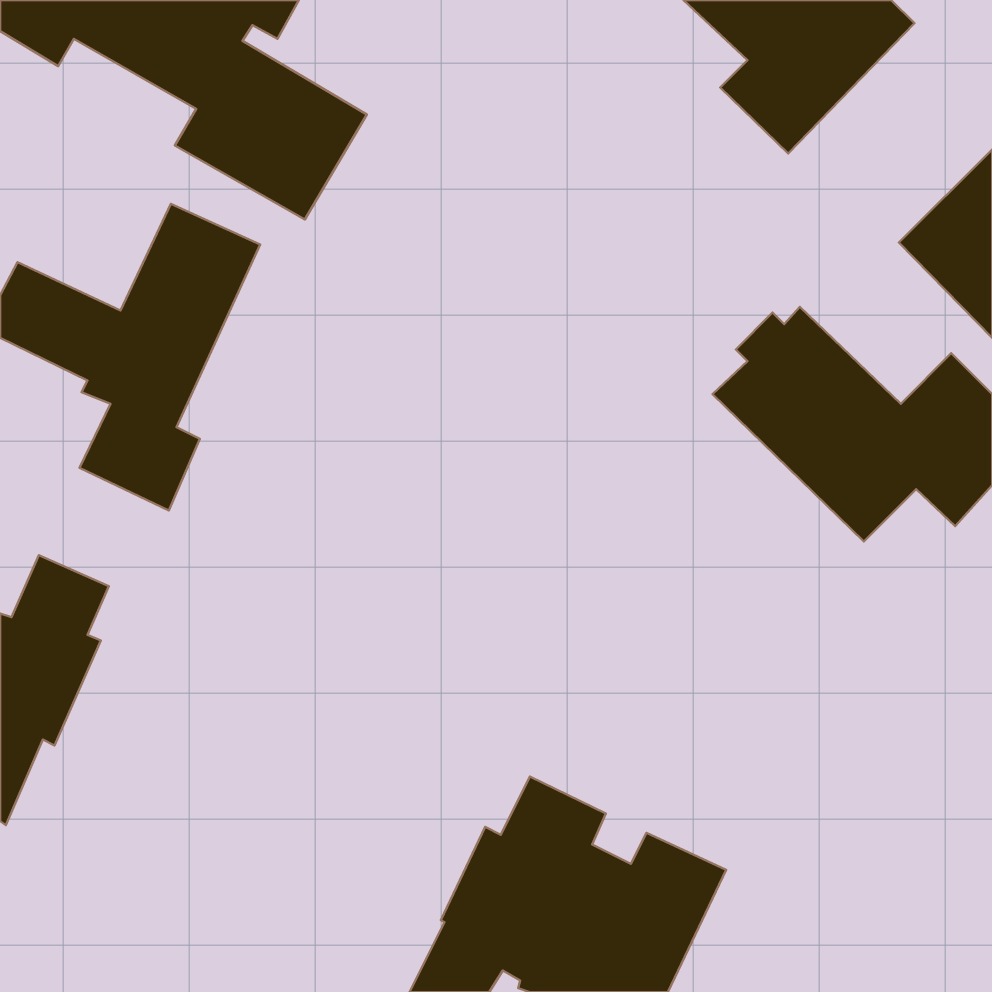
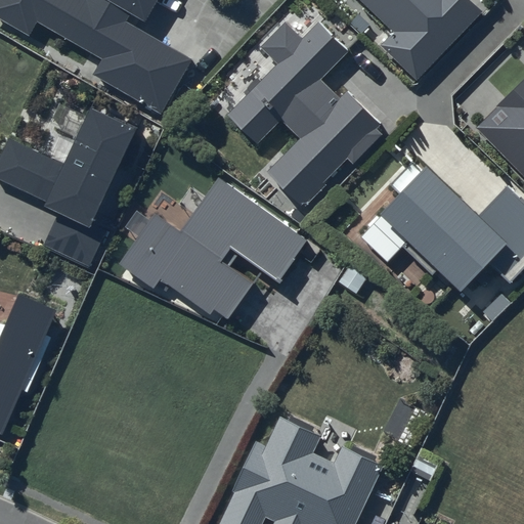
building: none -> [226,21,383,208]
building: none -> [119,178,308,319]

